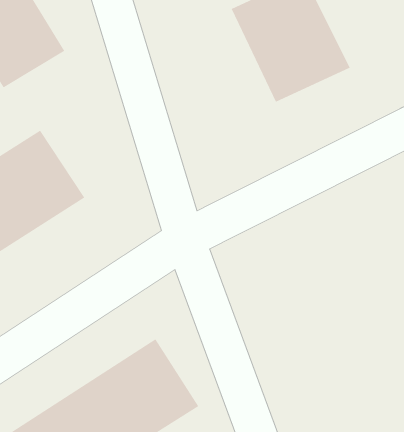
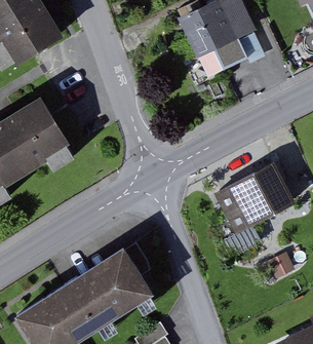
building: none -> [213,161,296,234]

